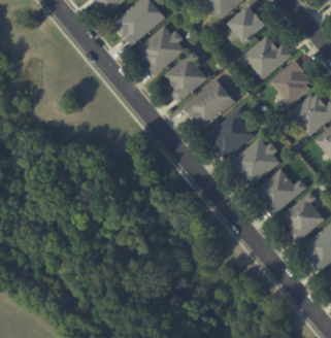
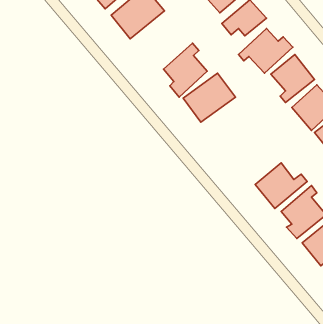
building: [135,24,186,74] -> none
building: [207,107,254,158] -> none
building: [230,138,280,187] -> none

